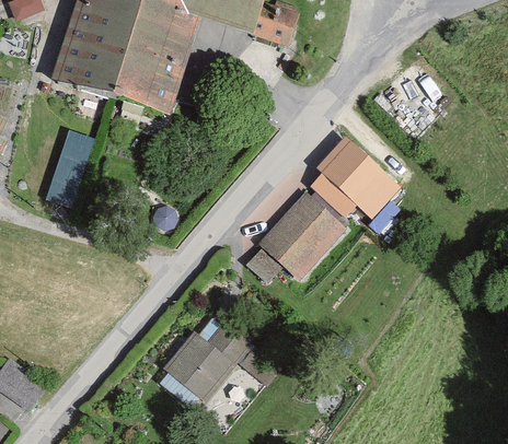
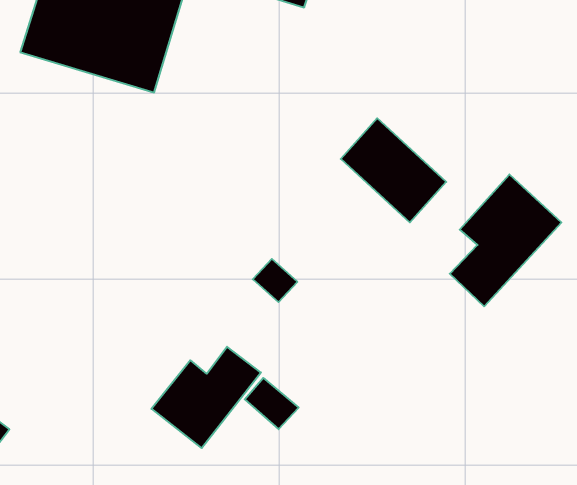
building: [46,130,94,207] -> none
building: none -> [450,174,561,306]
building: [257,191,346,281] -> none

